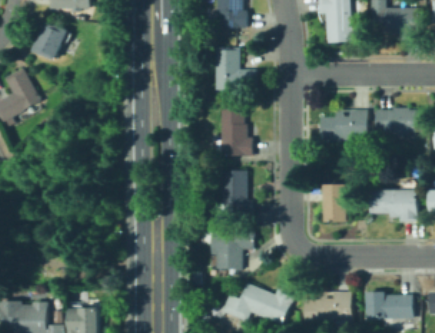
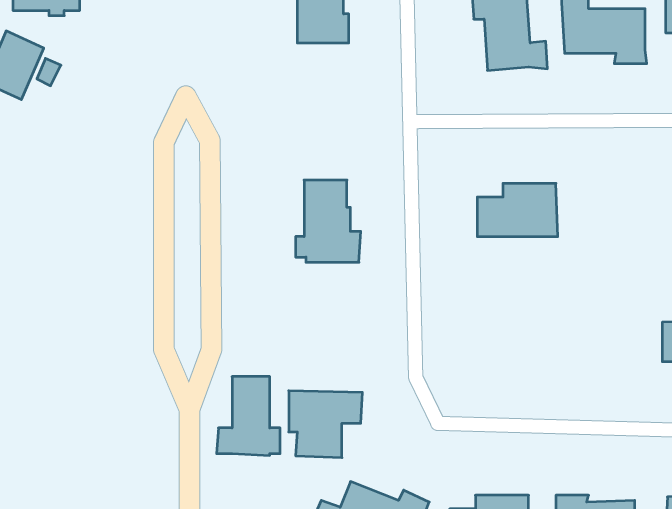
building: [215,47,256,91] -> none
building: [374,107,423,132] -> none
building: [213,172,250,218] -> [217,377,280,455]
building: [323,183,346,221] -> none
building: [369,189,417,221] -> none

